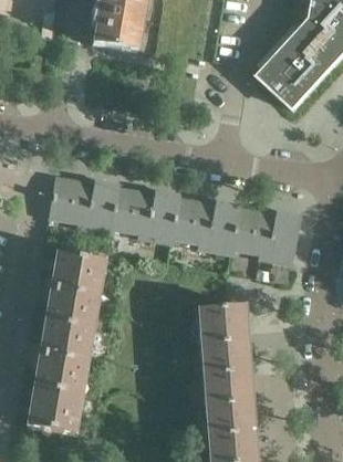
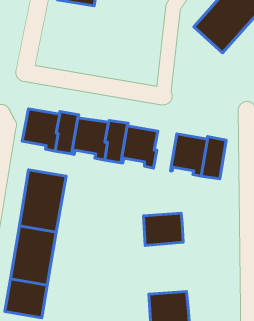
building: [210,201,240,253] -> none
building: [200,340,251,405] -> none

